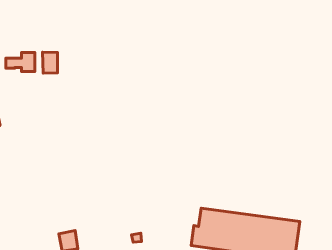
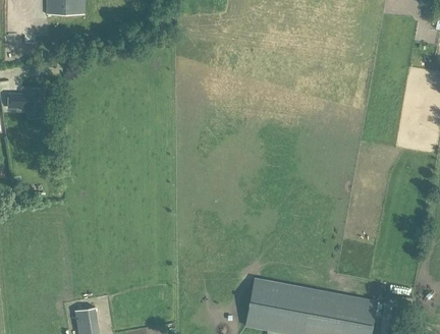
building: [42,52,58,73] -> none

